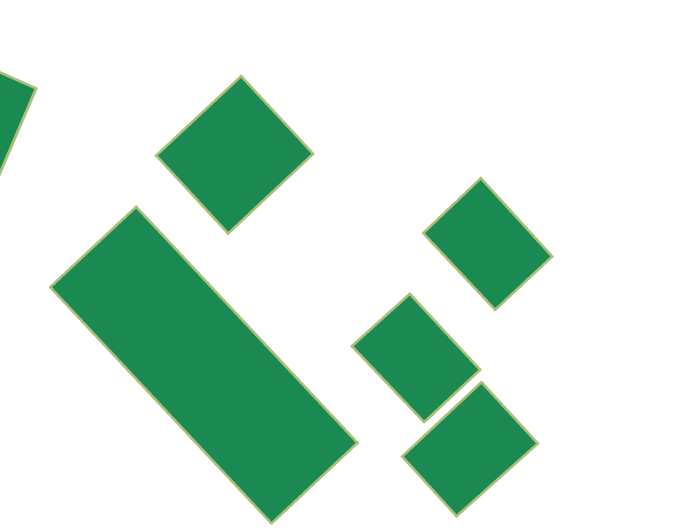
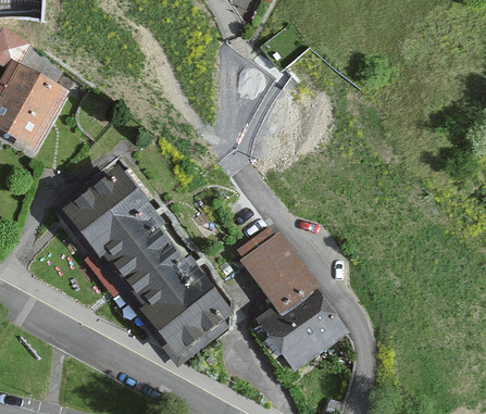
building: [156,76,313,234] -> none
building: [423,178,552,310] -> none

